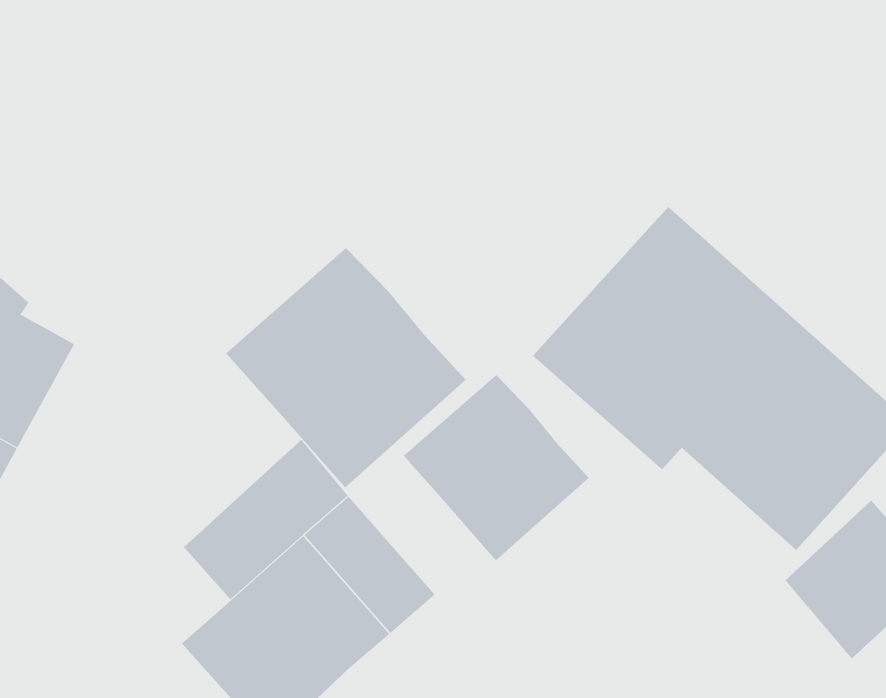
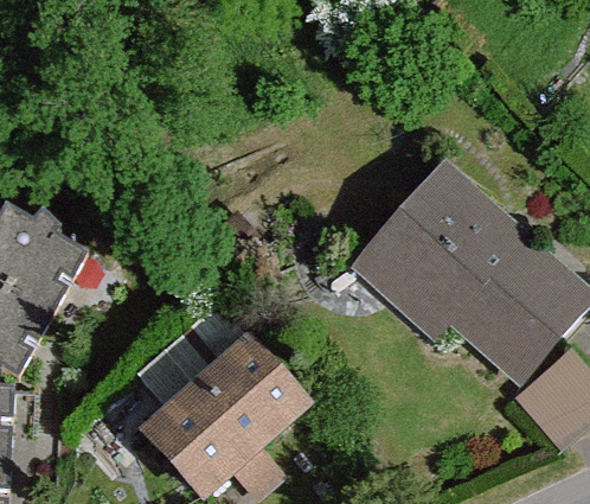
building: [225,247,466,488] -> none
building: [403,374,589,561] -> none

